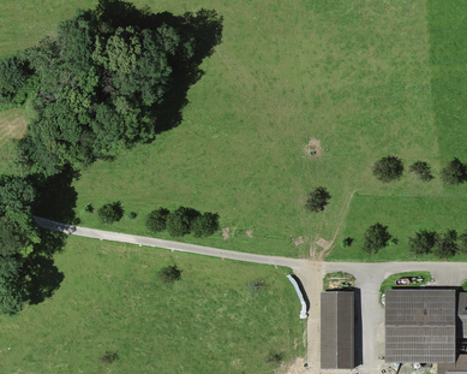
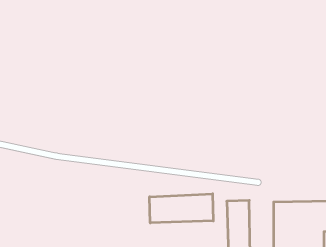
building: none -> [150,194,213,223]

